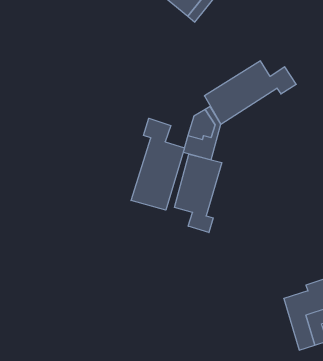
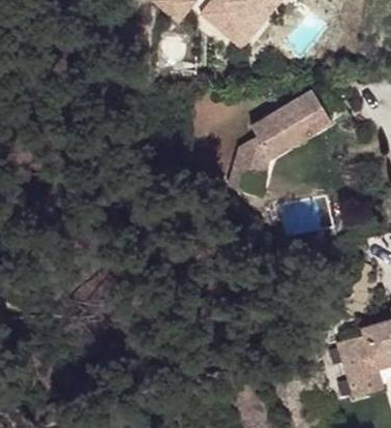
building: [131,118,184,210] -> none
building: [174,154,222,233] -> none

